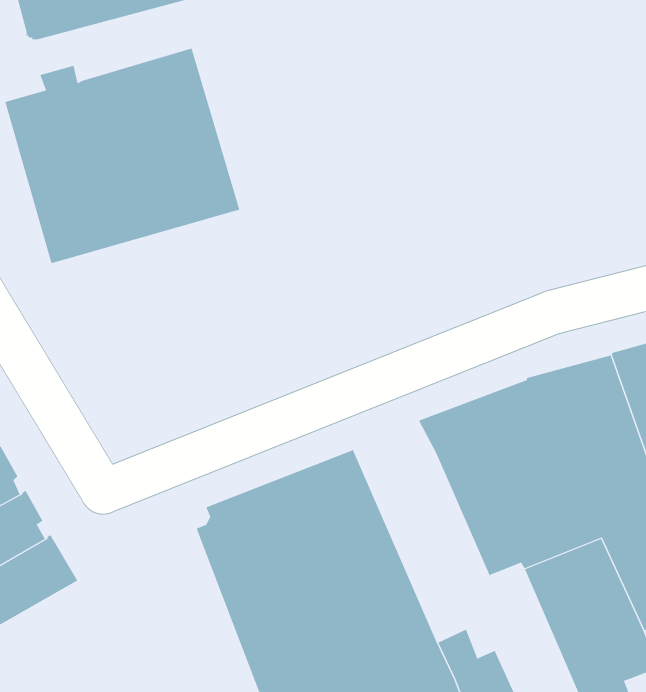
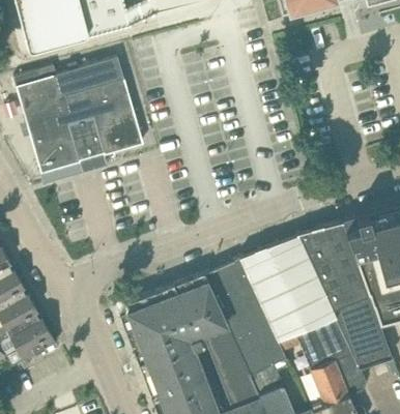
building: none -> [205,258,287,377]

